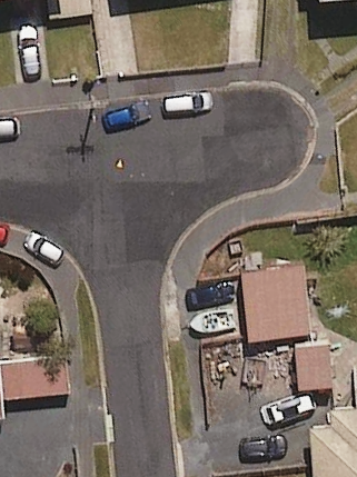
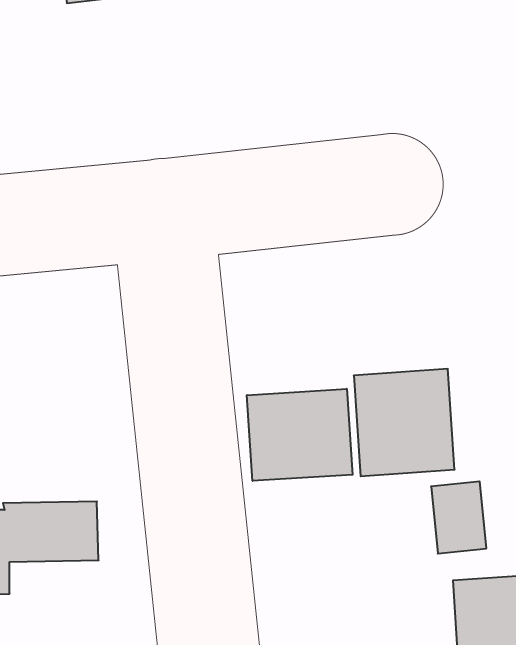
building: none -> [247,389,353,481]

